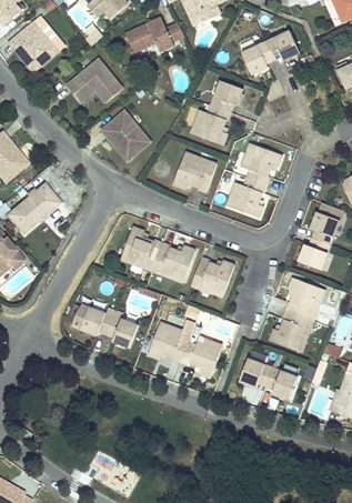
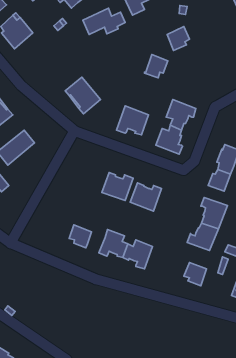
building: [266,30,301,59] -> none
building: [68,59,124,104] -> none
building: [192,105,231,144] -> none
building: [122,228,163,271] -> none
building: [82,306,114,334] -> none
building: [240,359,274,388] -> none

